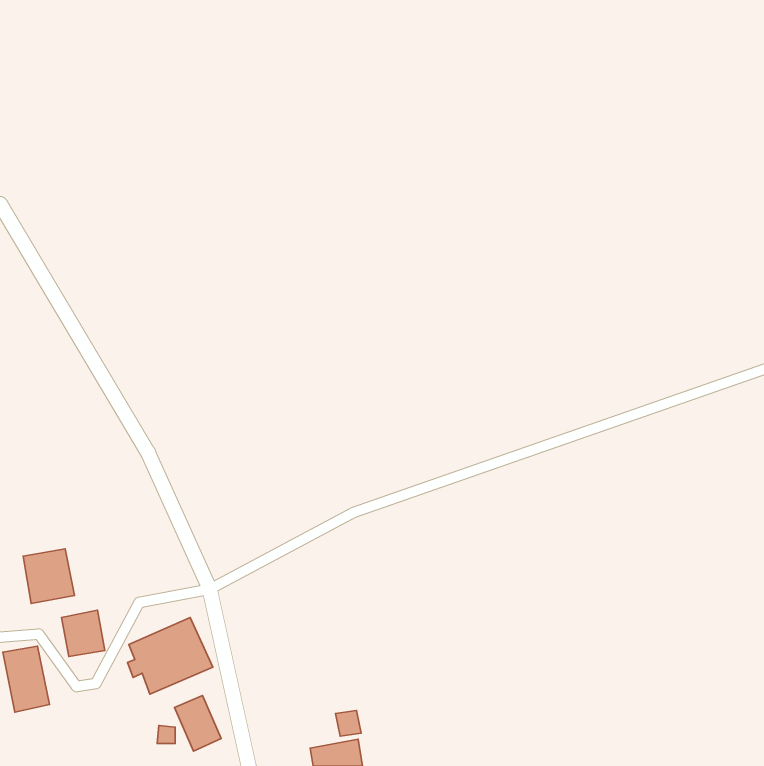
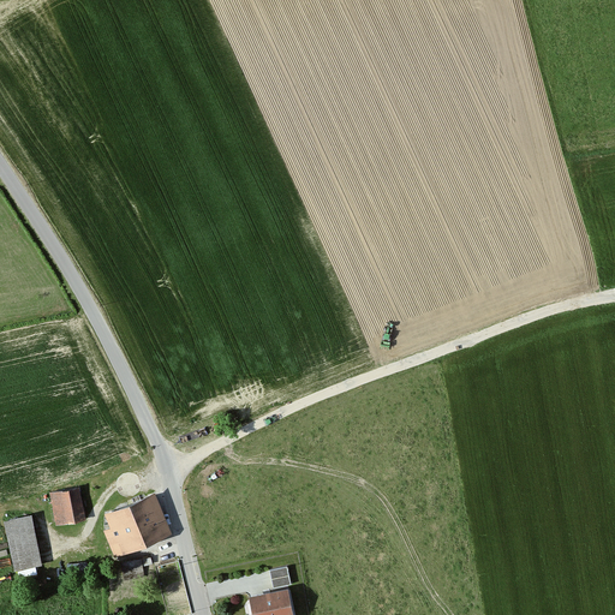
building: [23,549,75,603] -> none
building: [174,695,221,751] -> none

